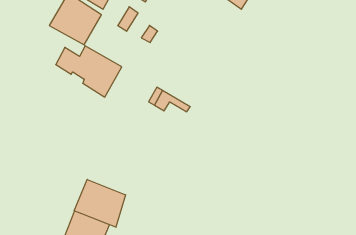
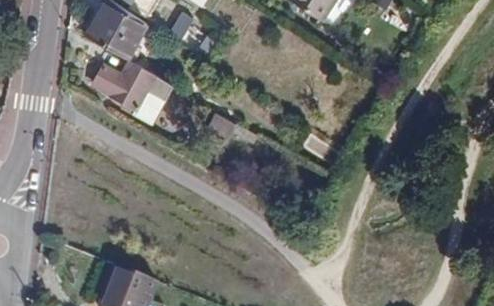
building: [74,179,126,227] -> none

